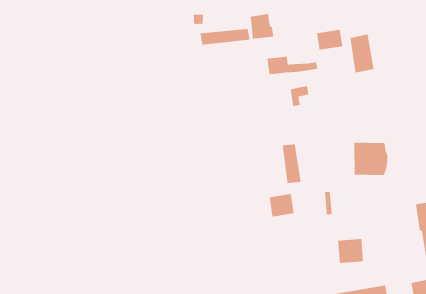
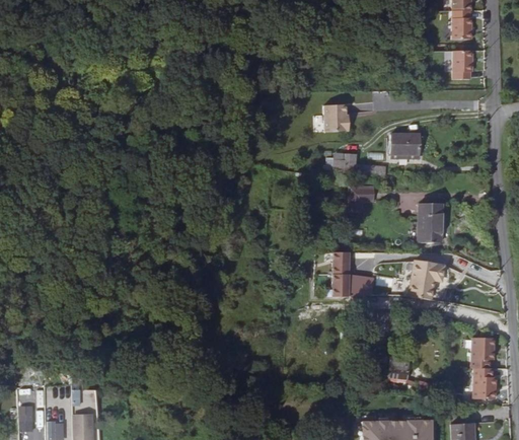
building: [200,28,250,46] -> none
building: [349,34,375,73] -> [422,202,444,242]
building: [269,194,295,217] -> [351,272,376,294]

